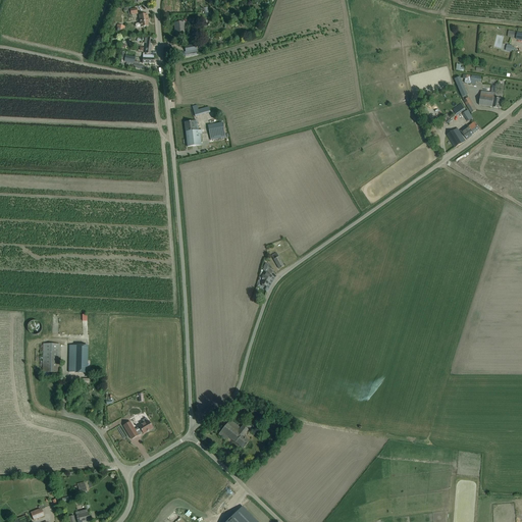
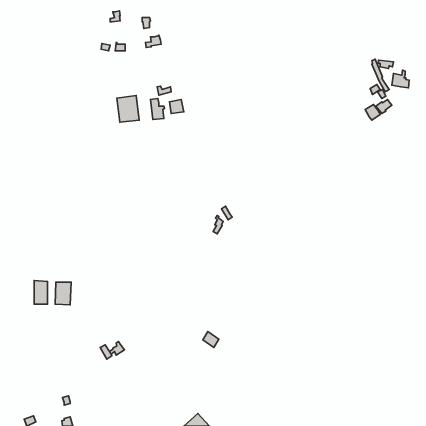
building: none -> [117,96,139,122]
building: [217,419,248,449] -> none

